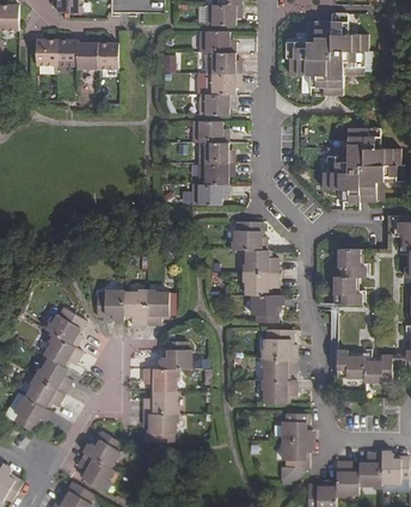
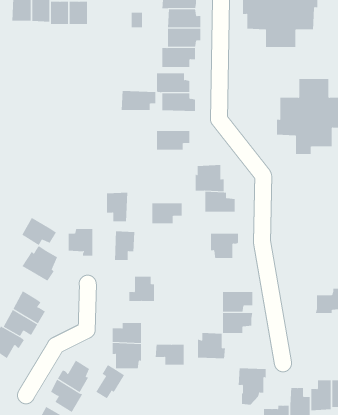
building: [196,161,234,183] -> [121,91,156,110]
building: [333,249,364,304] -> none
building: [244,271,277,294] -> [152,203,182,224]
building: [123,292,147,324] -> [106,192,128,222]
building: [263,329,296,358] -> none
building: [43,335,81,366] -> [21,217,57,246]
building: [337,350,364,377] -> none
building: [143,368,176,391] -> [155,344,185,365]
building: [281,413,312,441] -> [197,332,226,359]
building: none -> [96,364,125,399]

